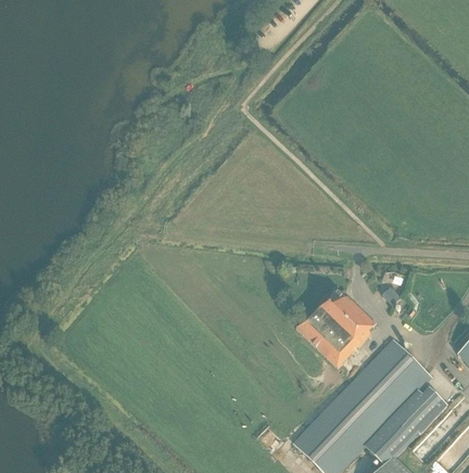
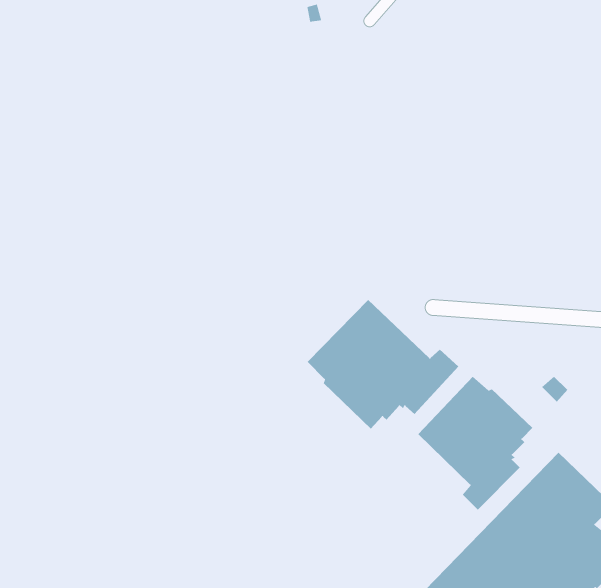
building: none -> [307,299,459,429]

